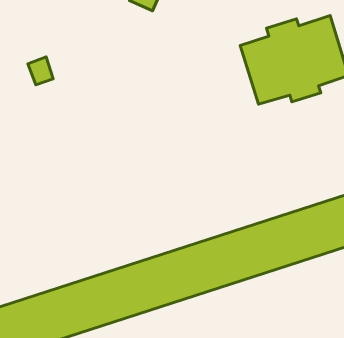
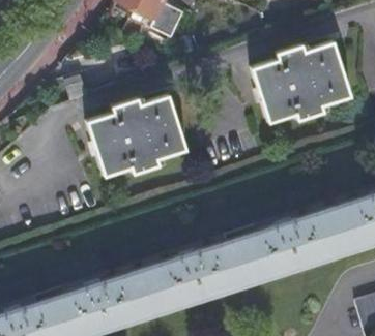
building: none -> [88,94,185,175]

